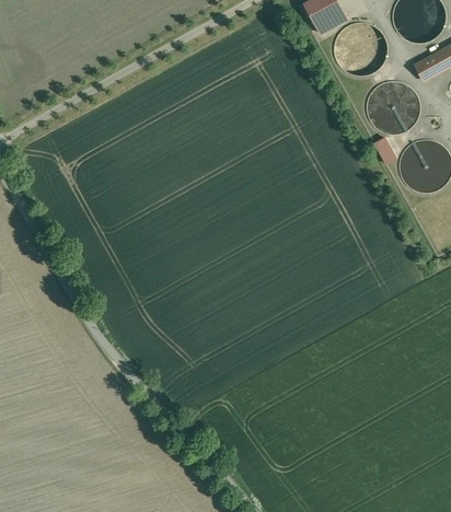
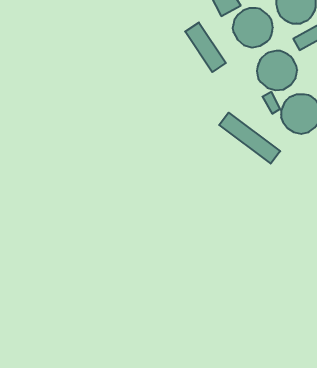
building: none -> [185,22,226,72]
building: none -> [219,113,280,164]

